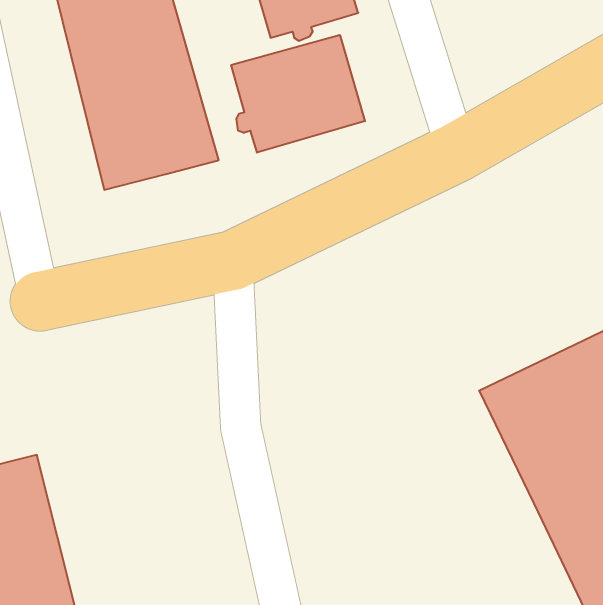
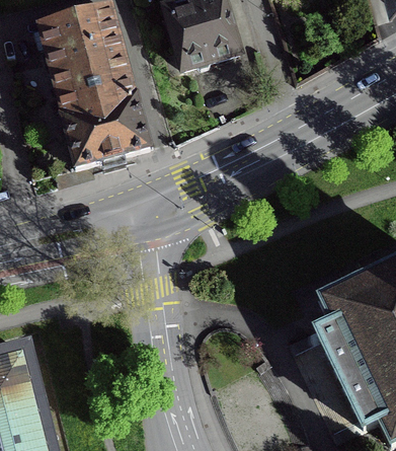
building: [231,35,365,153] -> none

